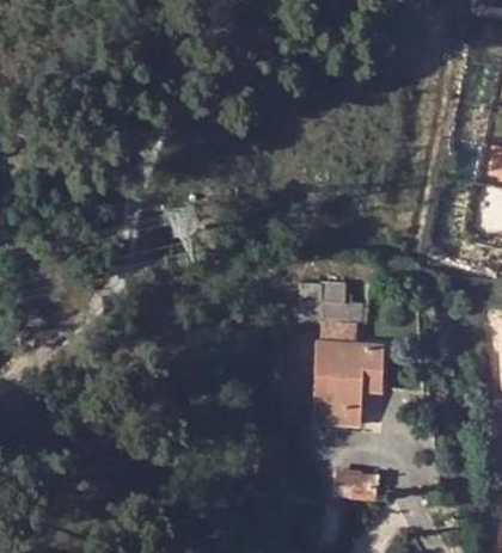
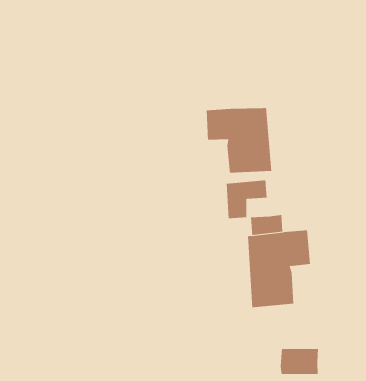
building: none -> [206,107,272,174]

